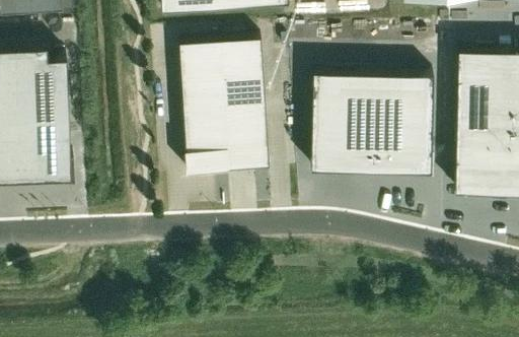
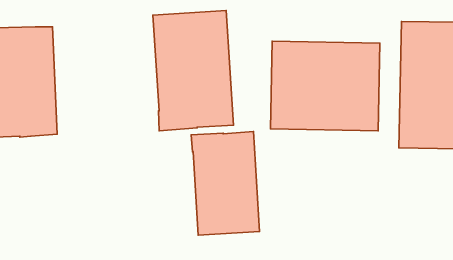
building: none -> [191,132,259,235]

